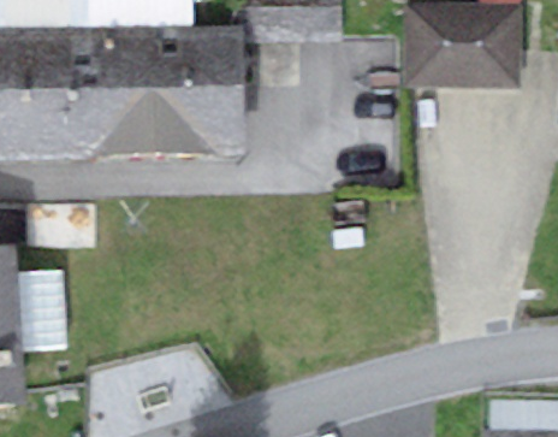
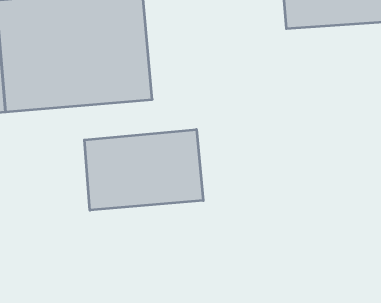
building: none -> [84,129,203,210]

